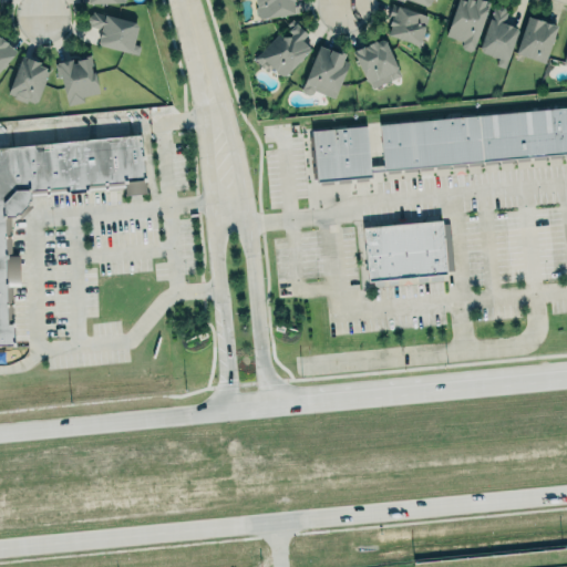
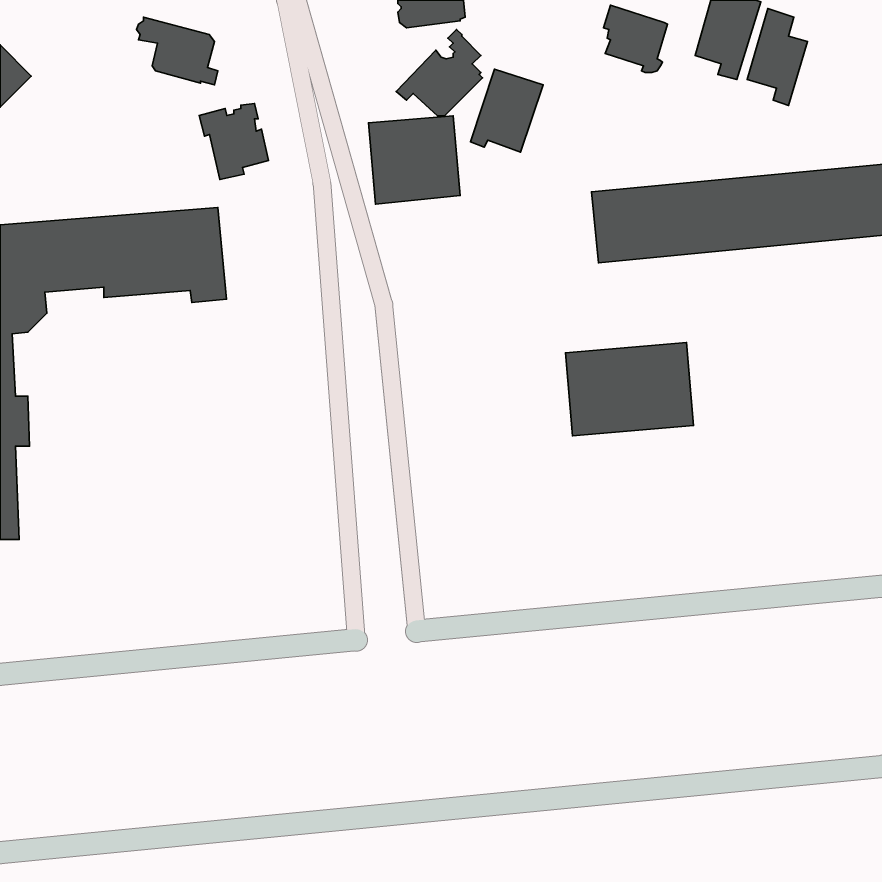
building: [516,17,557,64] -> none
building: [354,40,401,89] -> none
building: [9,55,49,103] -> none
building: [55,56,100,105] -> [199,103,268,179]
building: [312,125,371,182] -> [369,116,460,204]

